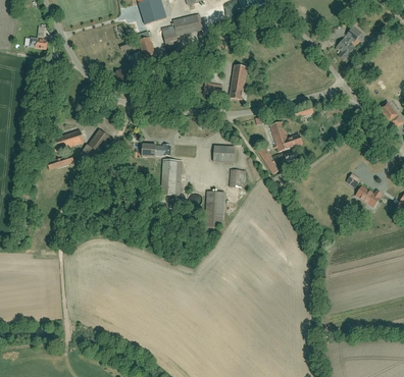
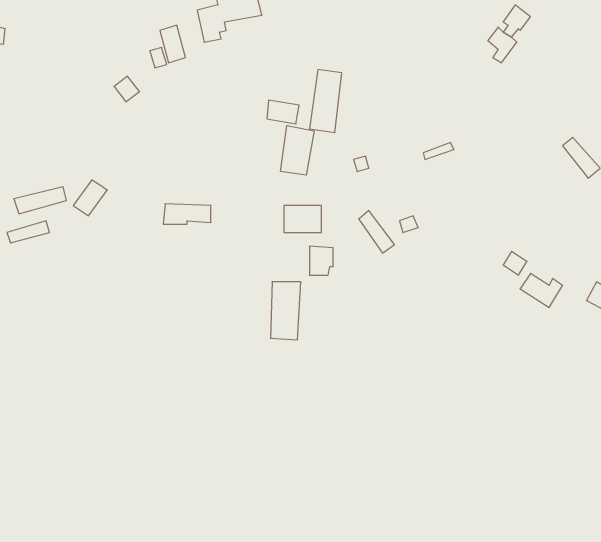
building: none -> [280,126,314,175]
building: [269,122,302,152] -> none
building: [159,159,182,193] -> none

